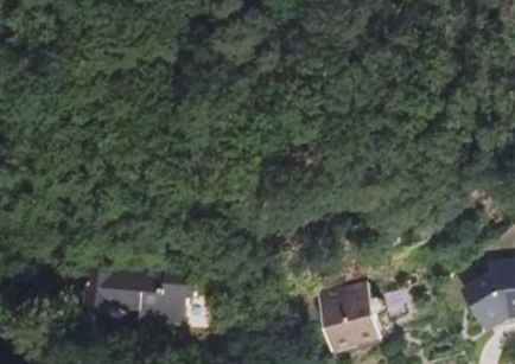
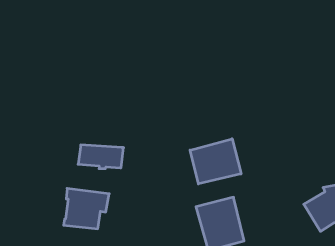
building: none -> [190,139,241,184]
building: [82,281,144,313] -> [78,145,124,169]

